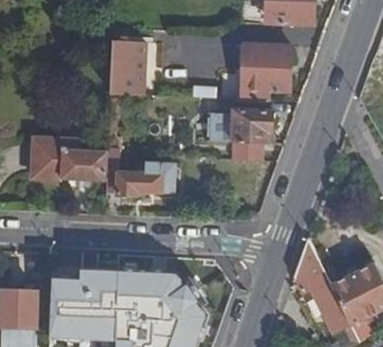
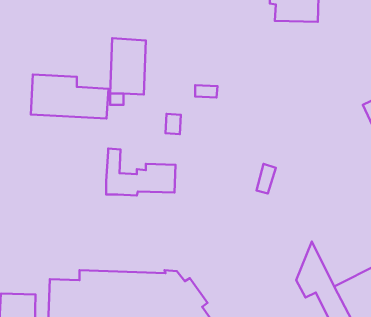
building: [241,43,292,100] -> none
building: [207,108,272,142] -> none
building: [32,137,108,181] -> [31,75,109,119]

